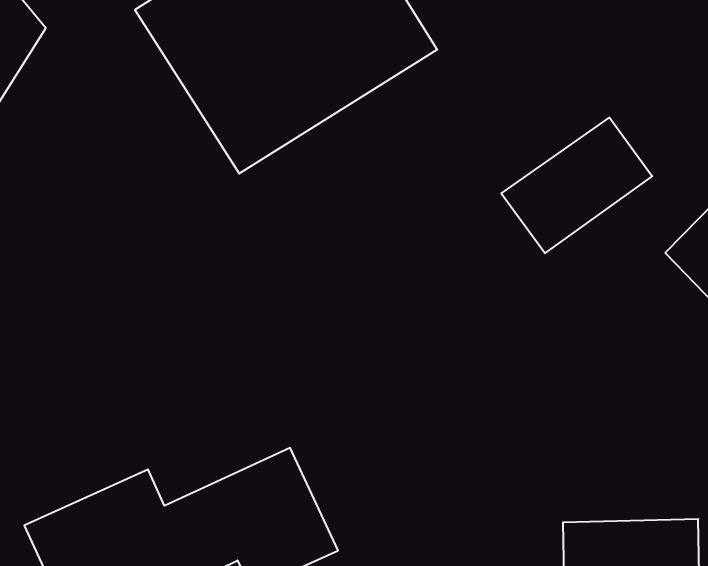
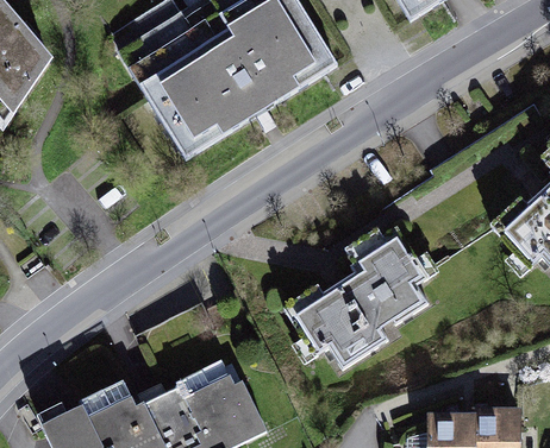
building: [501,117,652,253] -> none
building: none -> [290,223,419,372]

